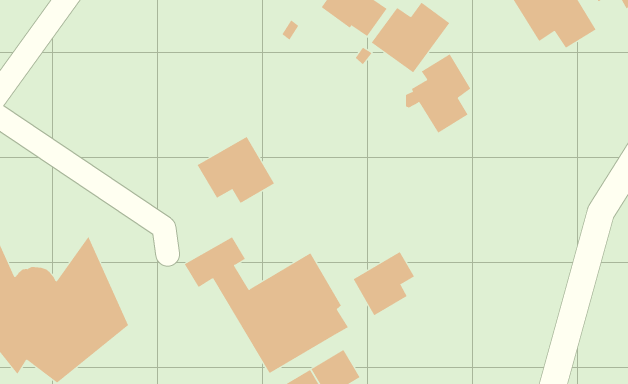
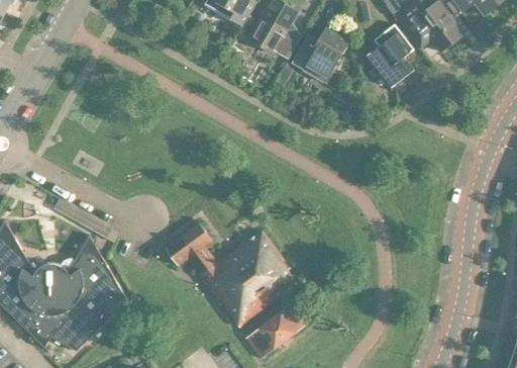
building: [405,54,471,134] -> [363,24,413,87]
building: [197,136,275,204] -> none
building: [353,251,415,316] -> none

